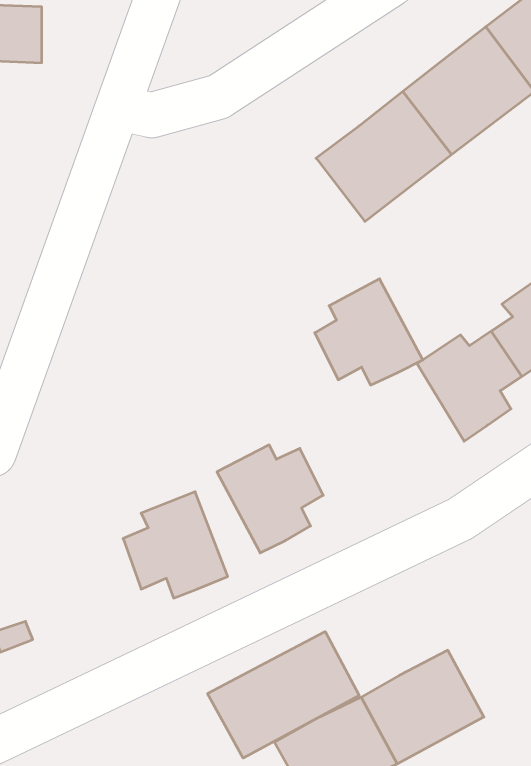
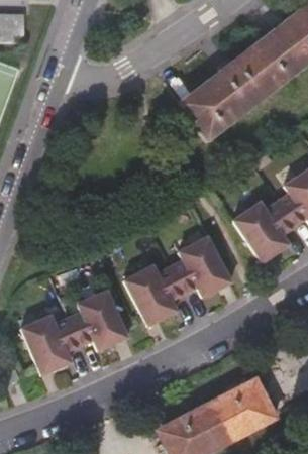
building: [315,279,423,385] -> [172,235,232,295]
building: none -> [25,312,83,371]
building: [208,632,359,758] -> none

